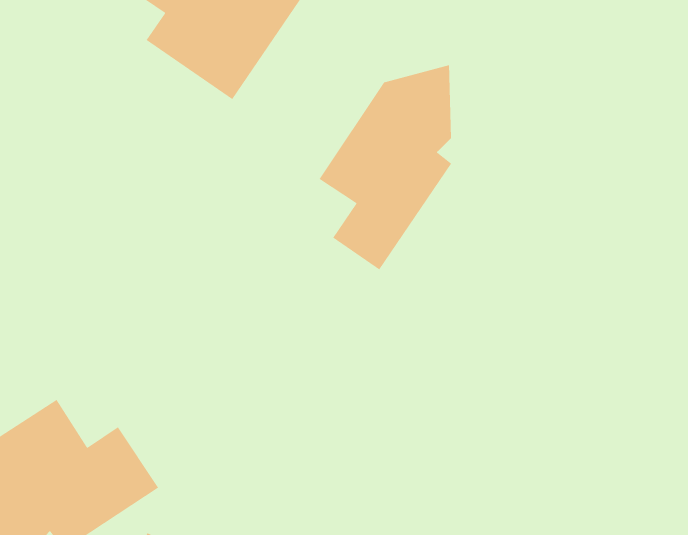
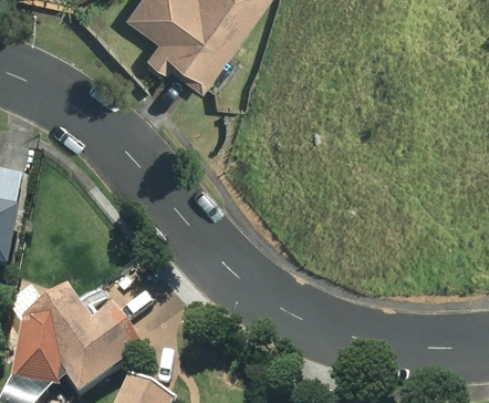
building: [319,64,452,270] -> none

